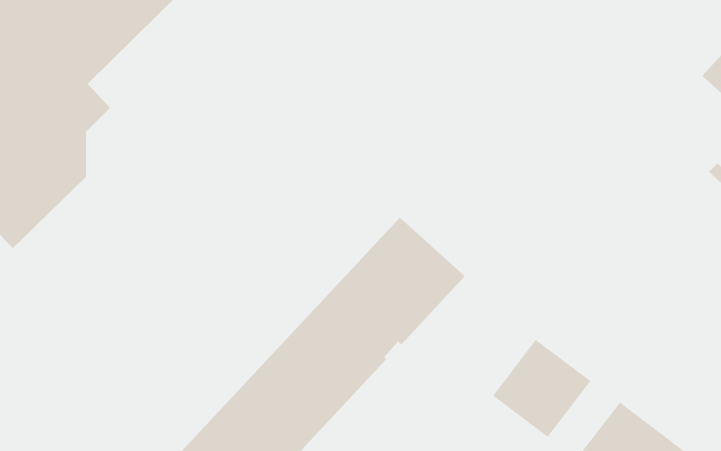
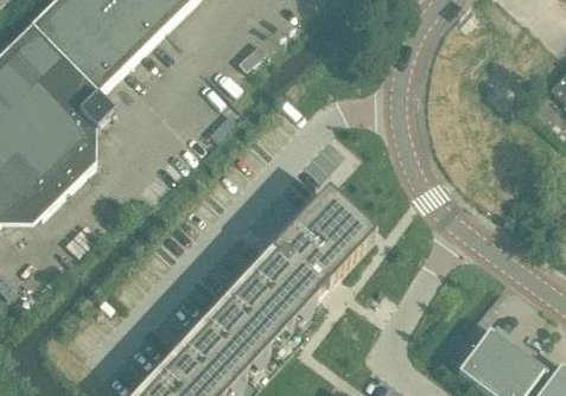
building: [492,339,591,438] -> none

